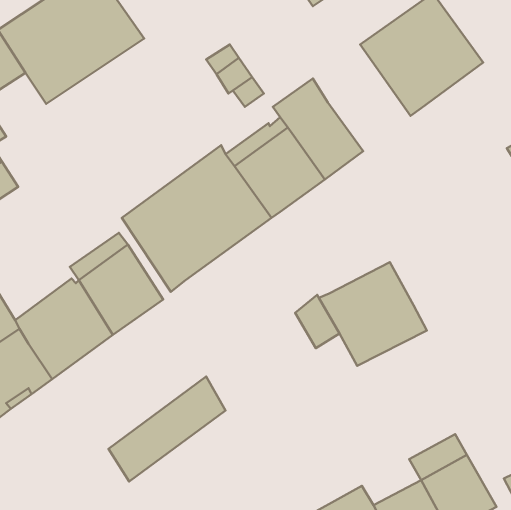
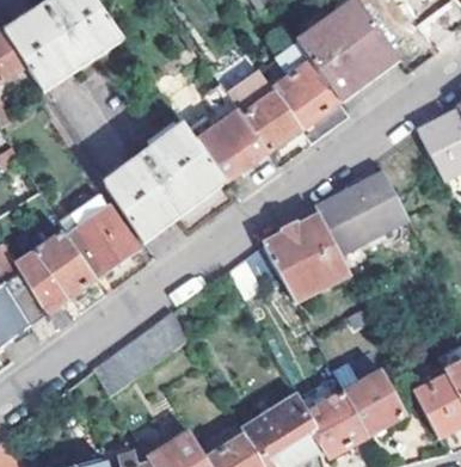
building: none -> [270,43,337,129]
building: none -> [315,172,407,253]

